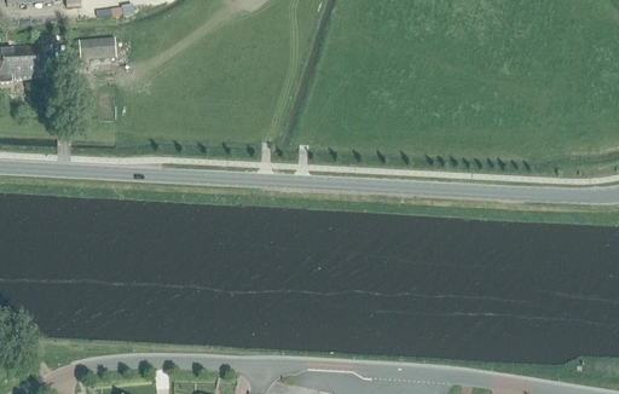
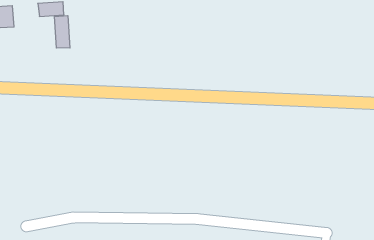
building: none -> [54,16,70,48]

